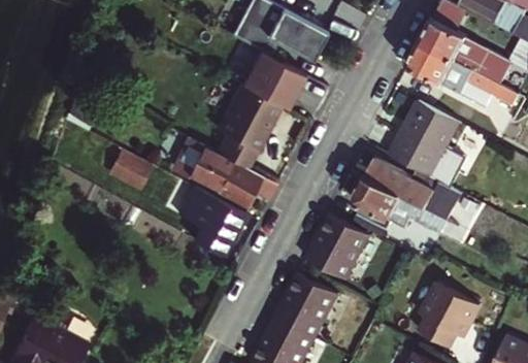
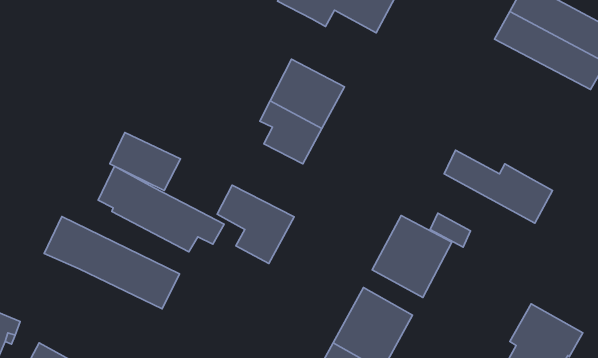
building: [241,51,304,107] -> none
building: [391,101,462,178] -> none
building: [173,135,276,205] -> [98,166,224,252]
building: [354,177,447,234] -> none
building: none -> [44,216,180,309]

